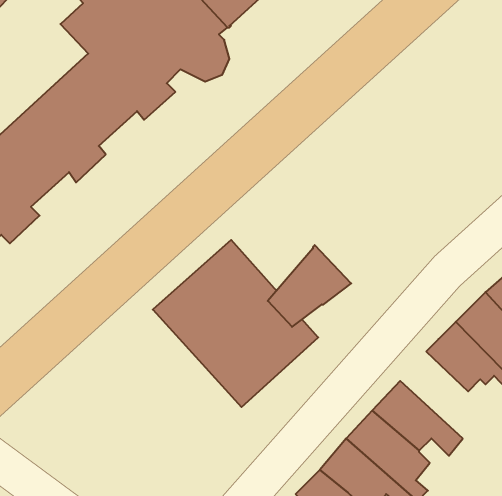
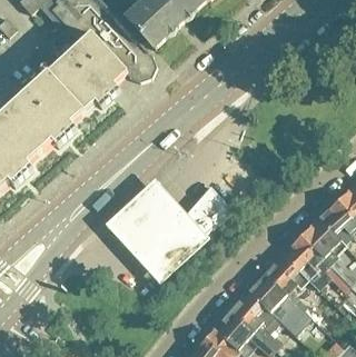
building: none -> [265,255,308,310]

